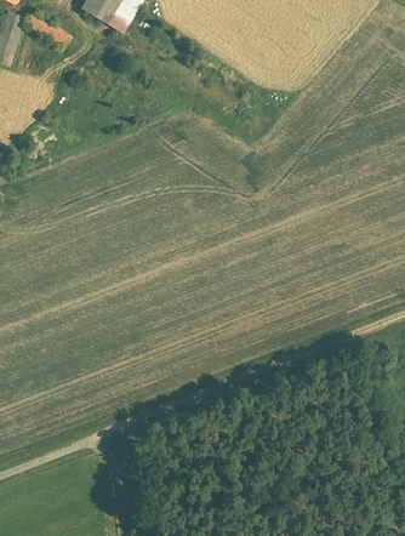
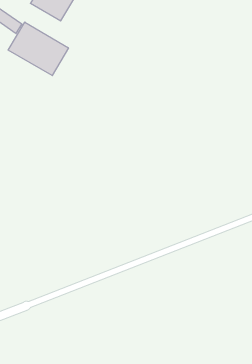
building: none -> [8,22,68,76]

